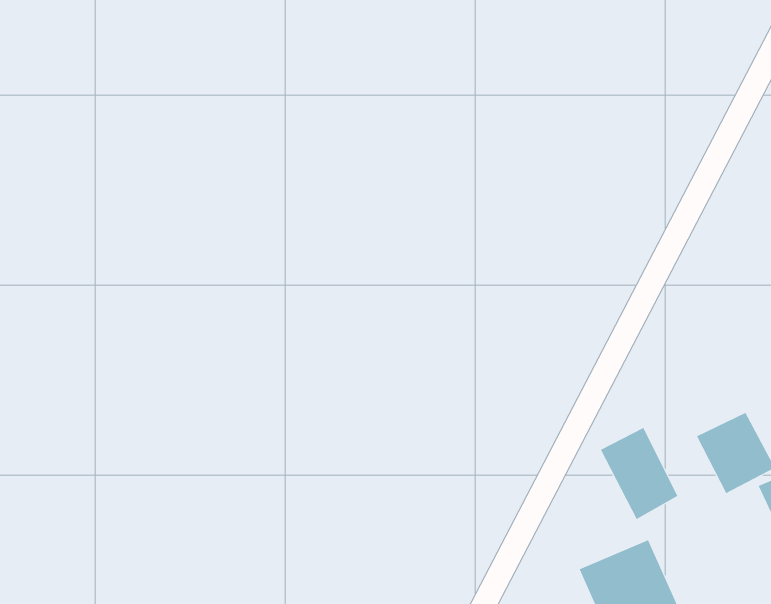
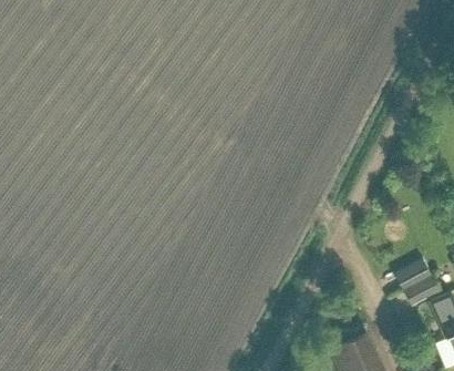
building: [600,427,678,520] -> none

